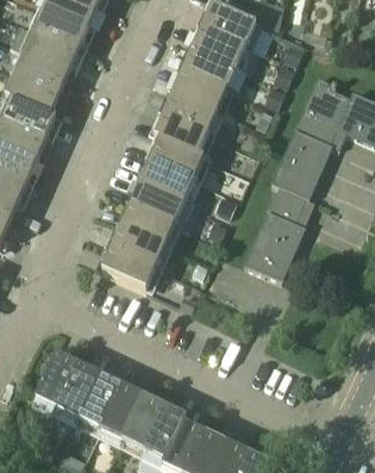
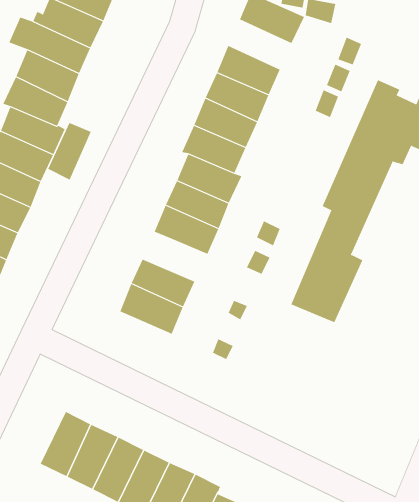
building: [193,24,246,66] -> none
building: none -> [47,122,92,180]
building: [121,201,176,243] -> none

